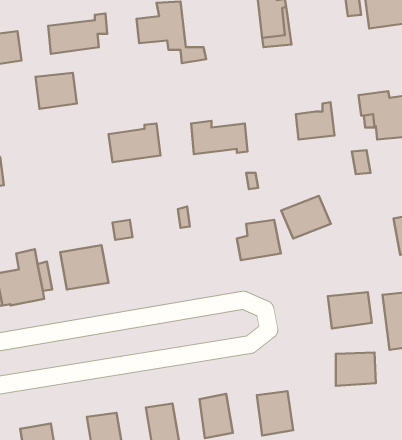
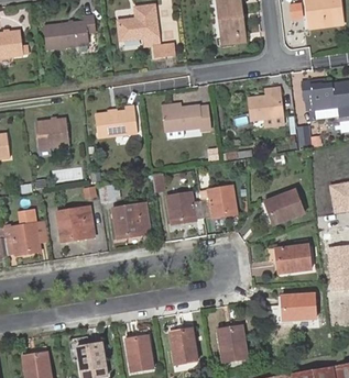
building: [36,73,77,109] -> [35,120,69,149]
building: [281,196,331,239] -> [263,189,304,224]
building: none -> [165,191,204,224]
building: none -> [111,202,151,237]

